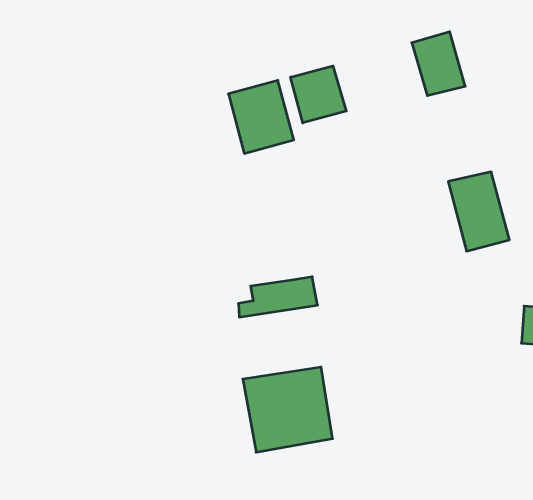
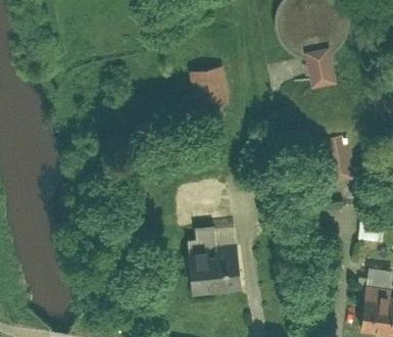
building: [291,66,346,123] -> none
building: [238,277,318,317] -> [189,230,237,251]

